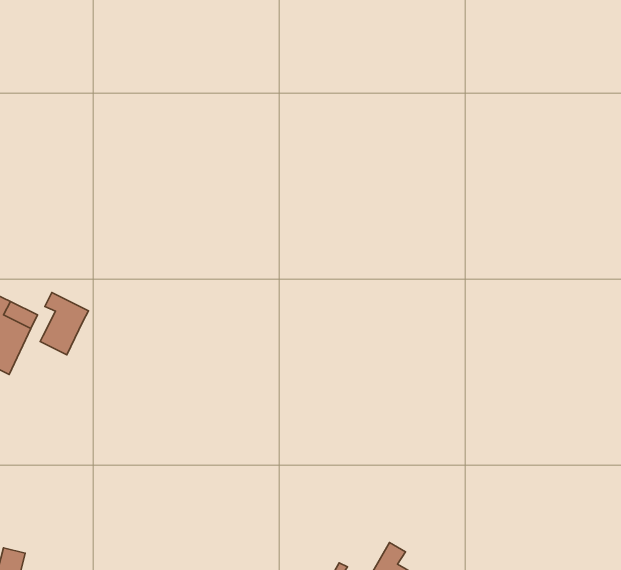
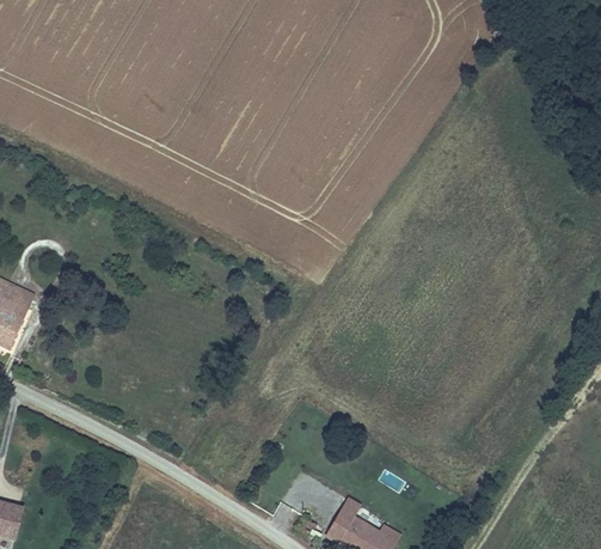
building: [40,292,88,355] -> none

